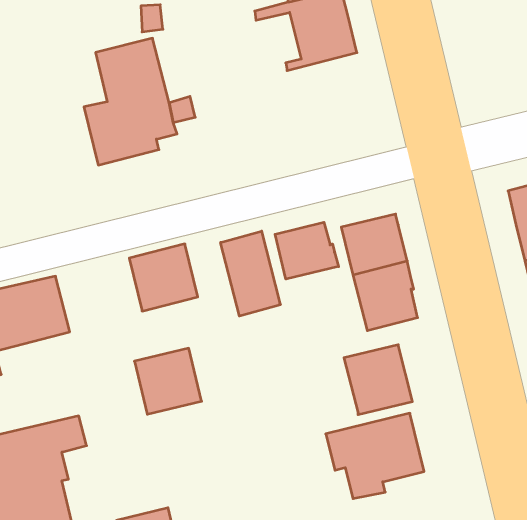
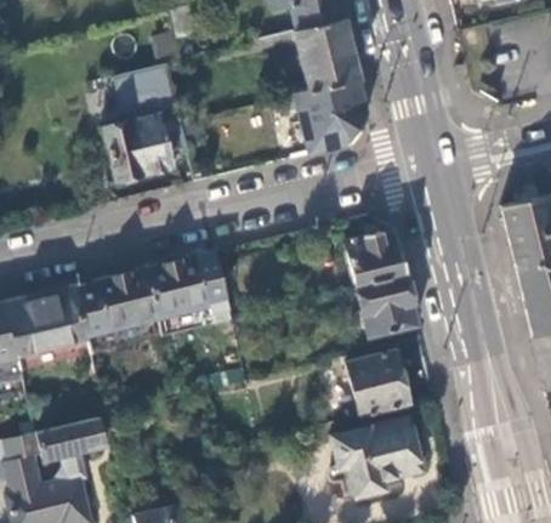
building: none -> [294,76,369,154]
building: [275,222,339,279] -> none
building: [221,231,280,316] -> none
building: [134,348,202,414] -> [95,269,158,331]

